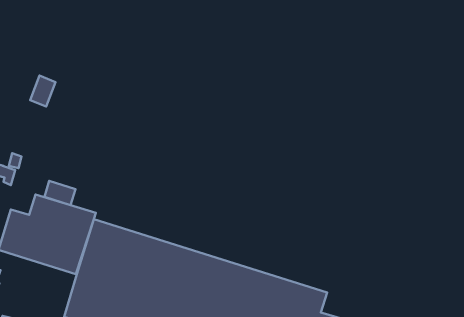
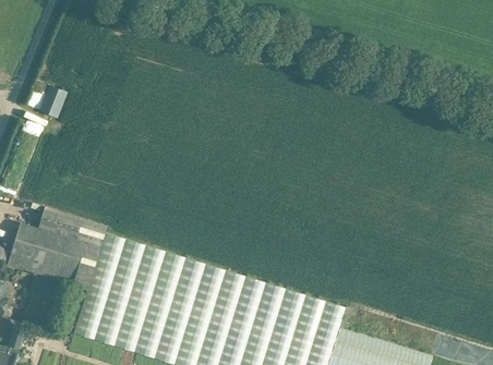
building: [44,181,75,205] -> none

